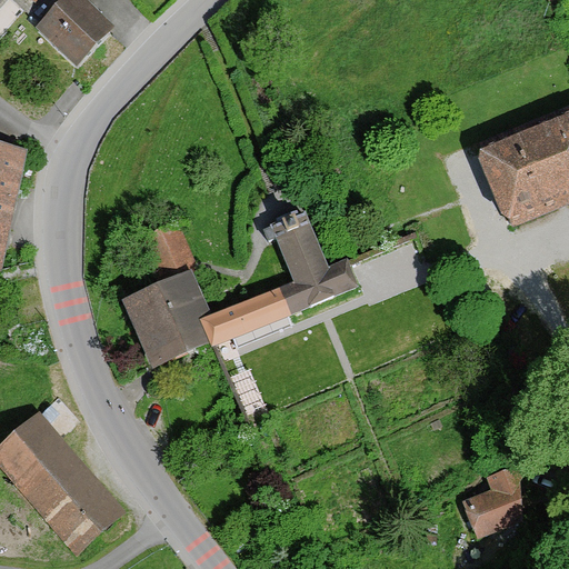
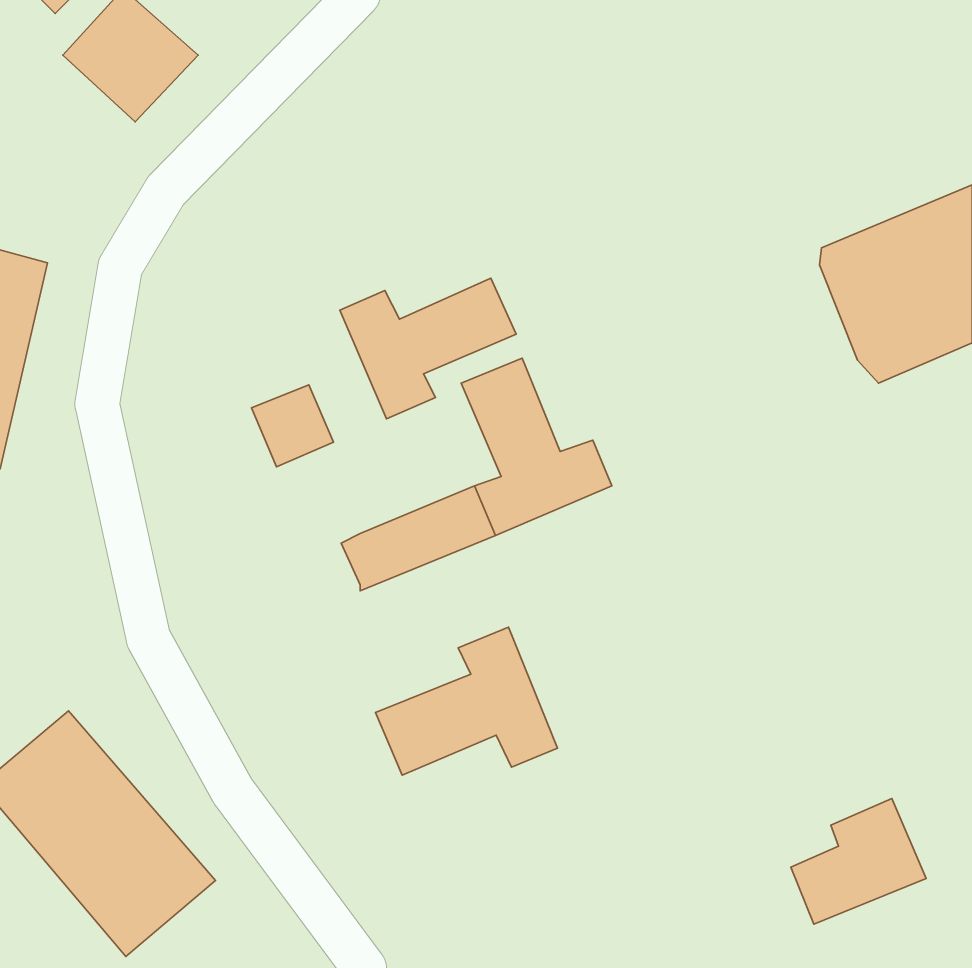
building: none -> [340,278,516,419]
building: [120,266,210,367] -> none
building: none -> [376,627,558,775]

